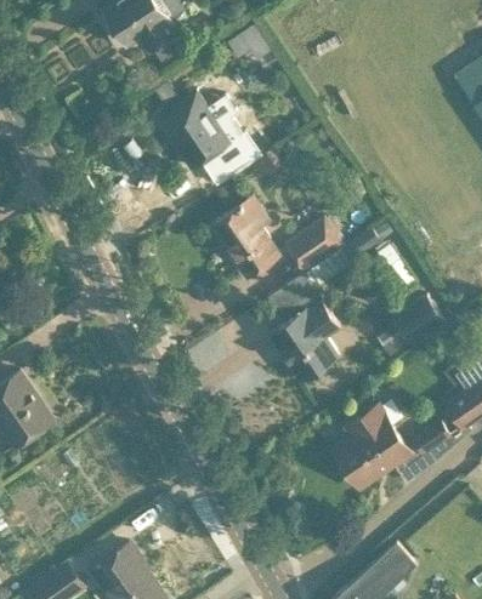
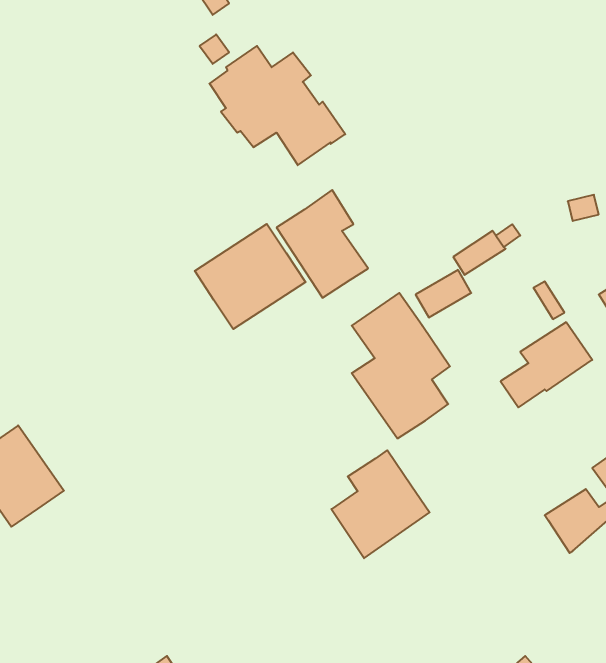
building: [285,216,344,269] -> none
building: none -> [195,224,306,329]
building: [336,405,409,485] -> [331,450,430,558]

